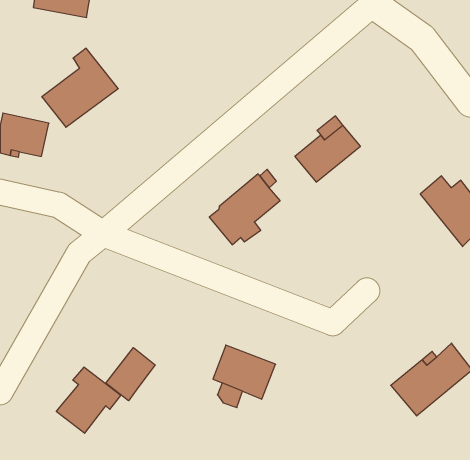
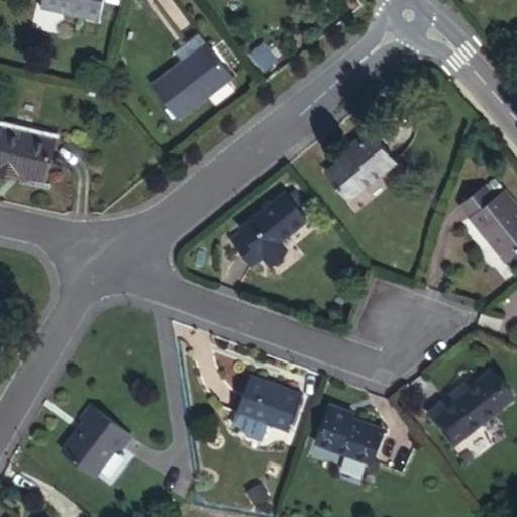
building: [42,48,118,127] -> [147,26,231,113]
building: [106,348,155,401] -> none
building: none -> [315,416,384,473]

